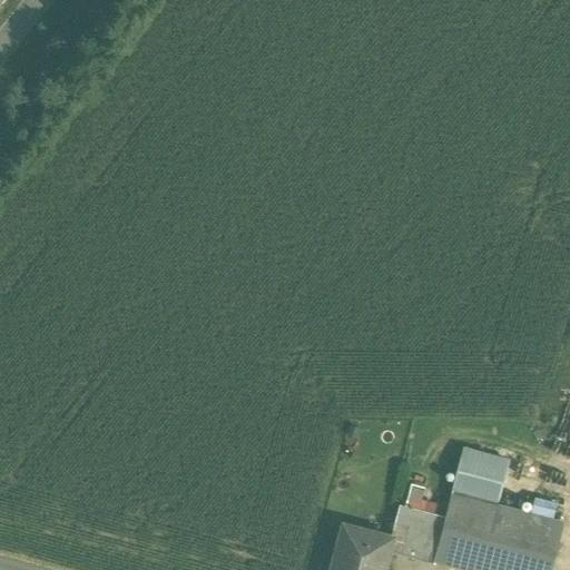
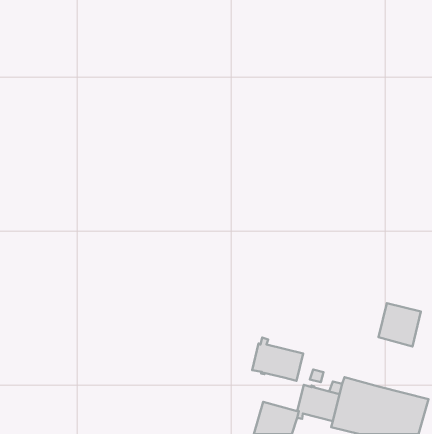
building: none -> [252,338,303,381]
building: [452,450,508,507] -> [378,303,421,346]

